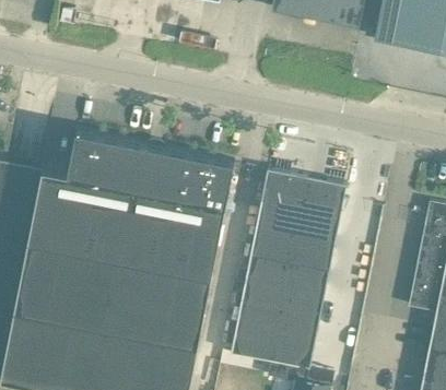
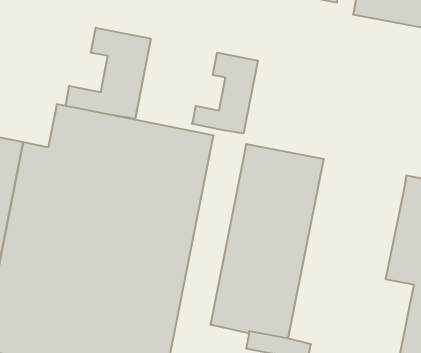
building: none -> [65,28,151,119]
building: none -> [192,53,258,133]

